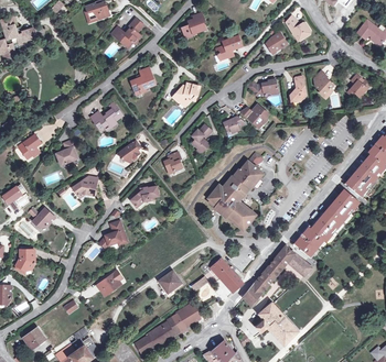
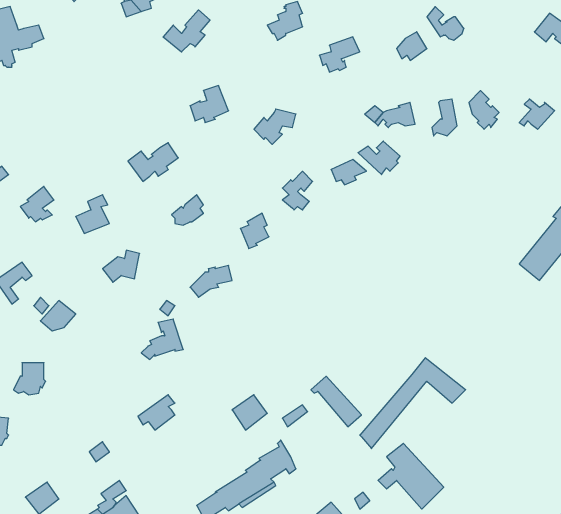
building: [207,153,262,229] -> none
building: [294,189,357,255] -> none

